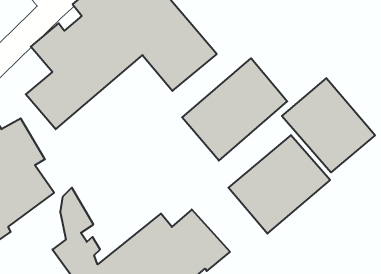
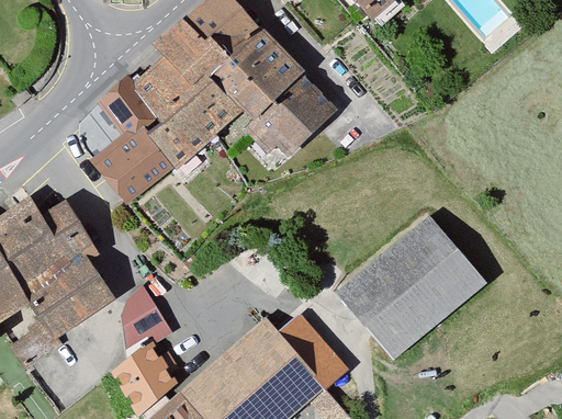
building: [182,58,287,161] -> none
building: [282,78,375,172] -> none

